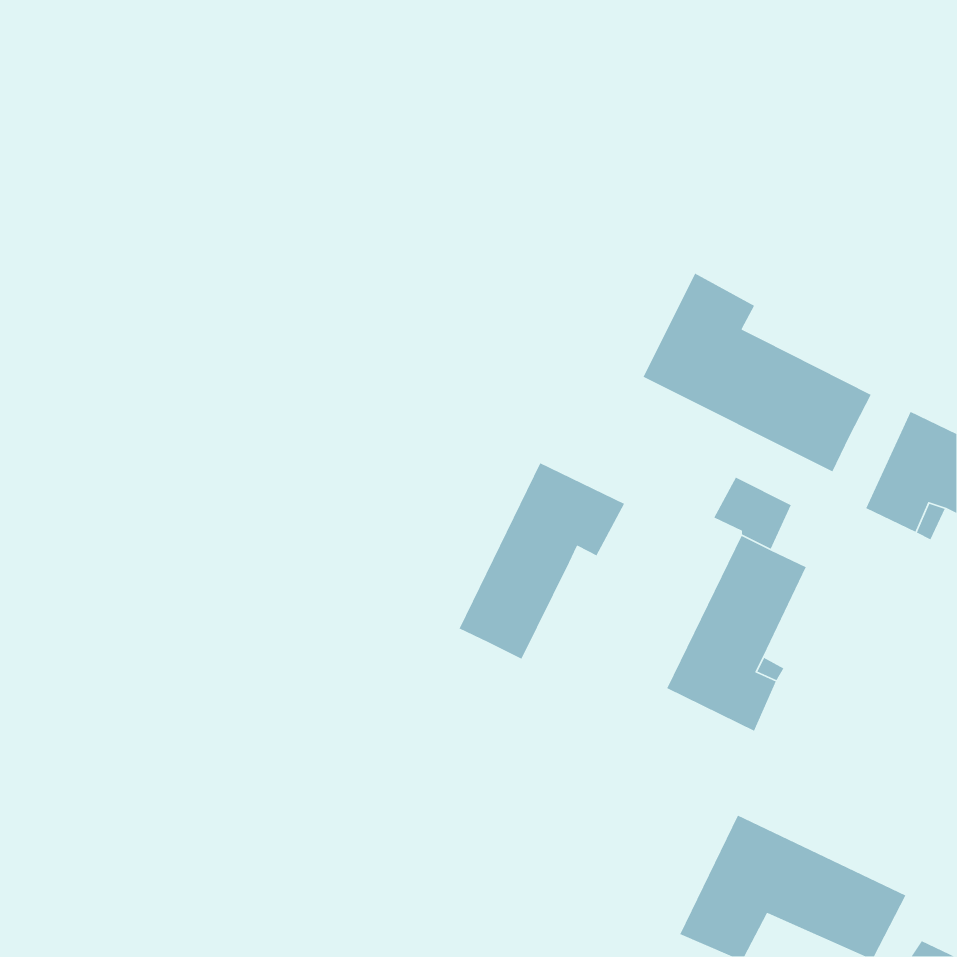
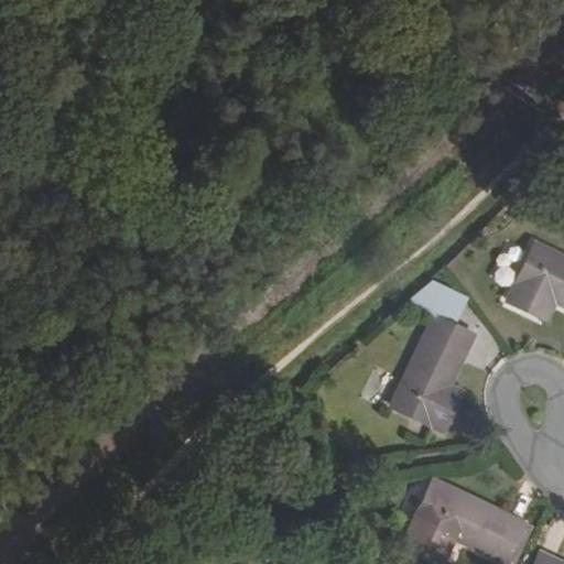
building: [643,273,872,472] -> none
building: [458,462,625,660] -> none

